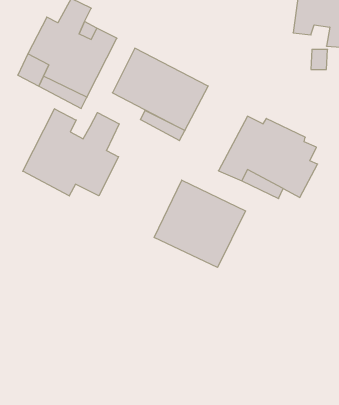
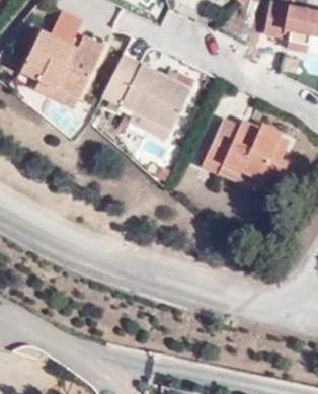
building: [23,109,119,196] -> none
building: [154,180,245,267] -> none

